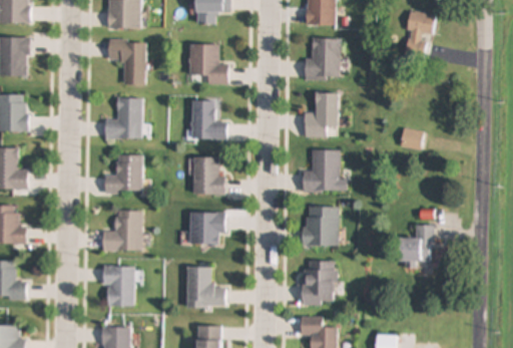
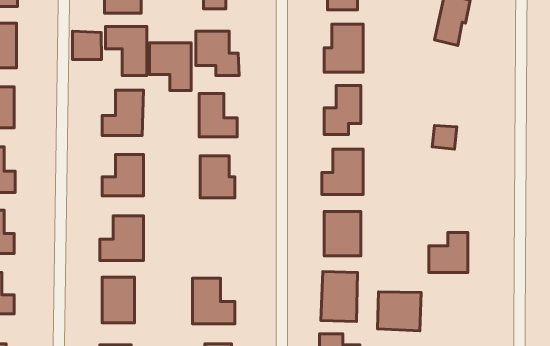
building: none -> [73,31,101,59]
building: none -> [150,43,191,90]
building: [189,212,224,243] -> none
building: none -> [377,292,421,331]

